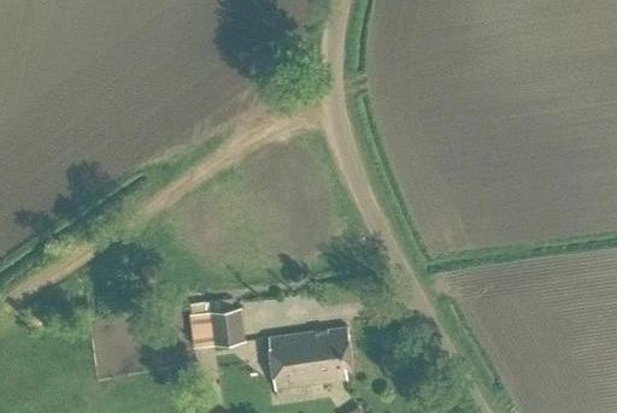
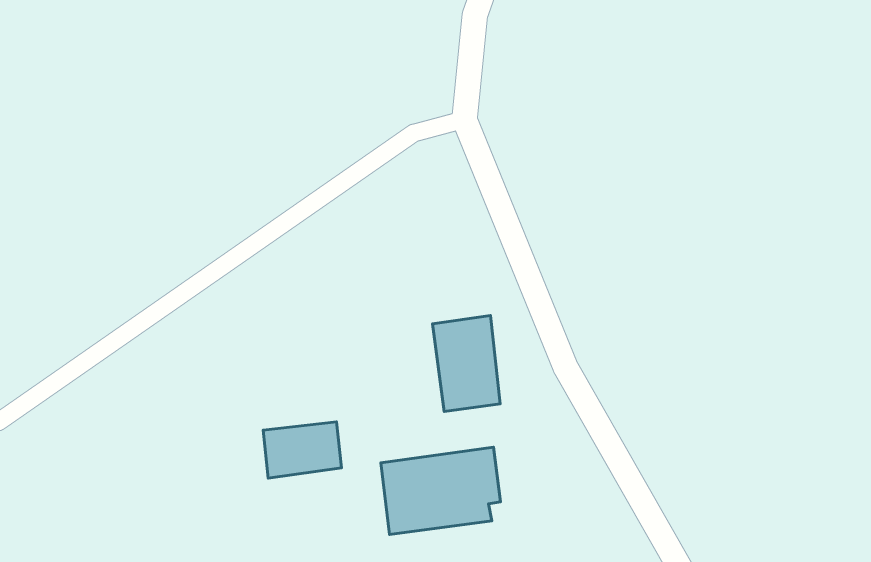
building: none -> [432,316,500,412]

